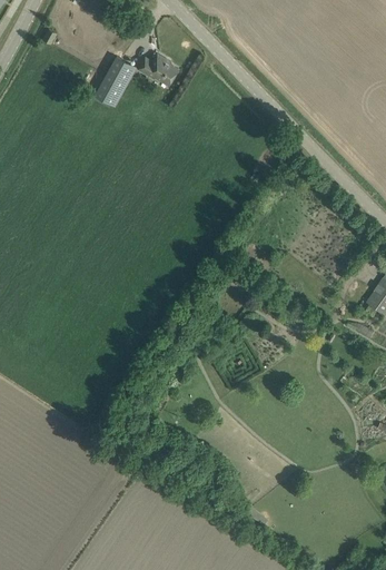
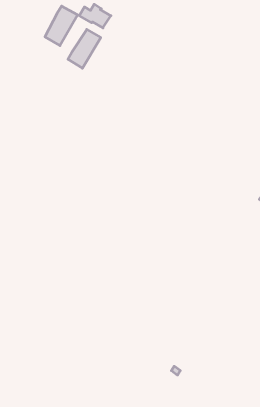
building: none -> [68,29,101,68]

